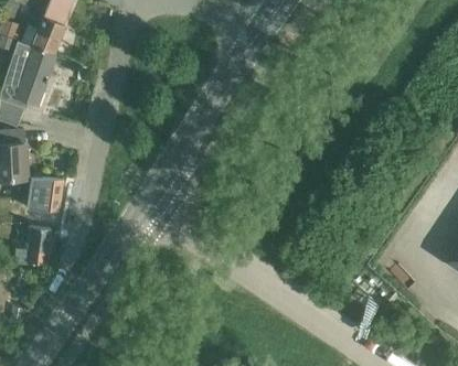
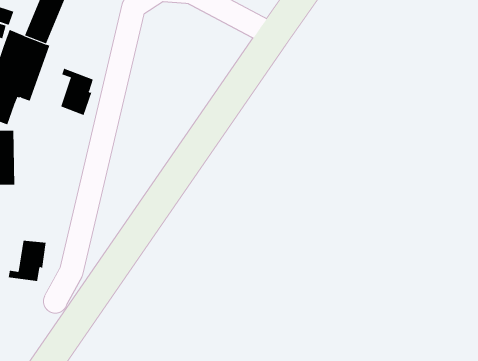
building: none -> [61,68,93,116]
building: [29,181,64,214] -> none

